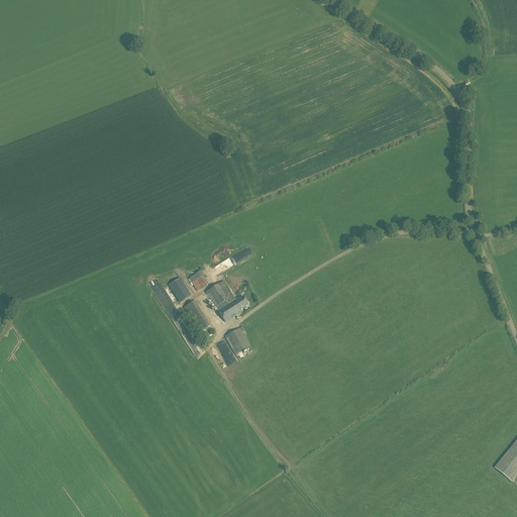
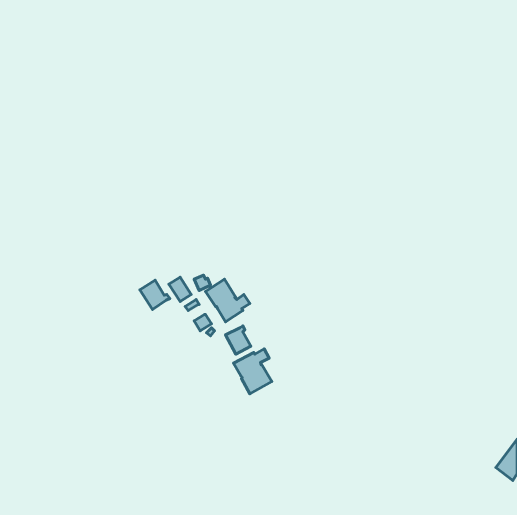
building: none -> [140,280,170,309]
building: none -> [234,349,272,394]

